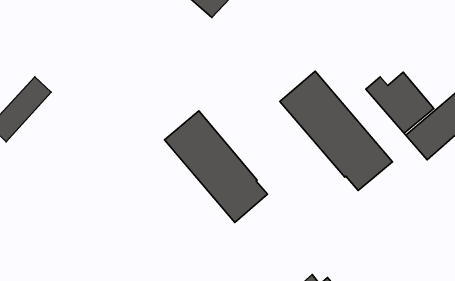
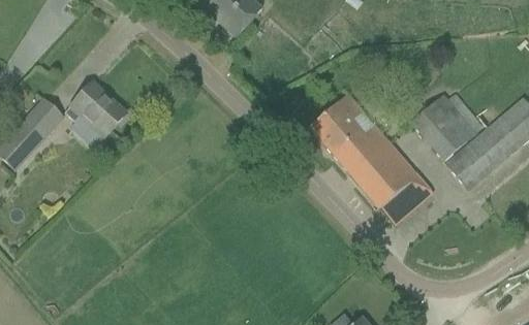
building: none -> [65,82,127,137]
building: [164,111,267,222] -> none

